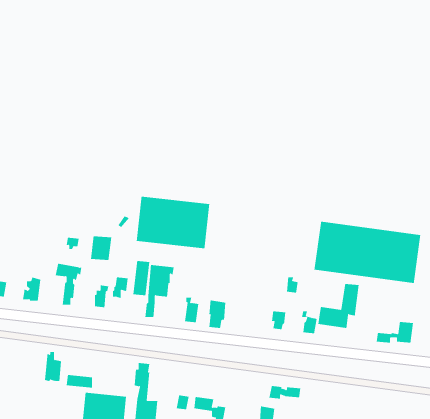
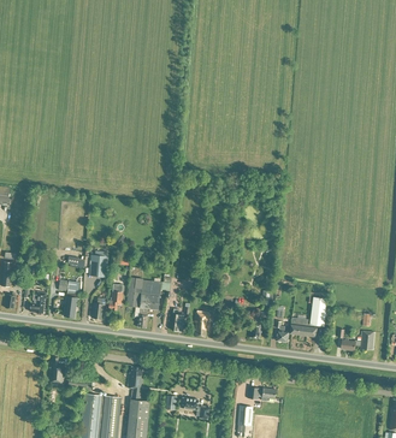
building: [136,196,210,249] -> none
building: [314,221,421,284] -> none

